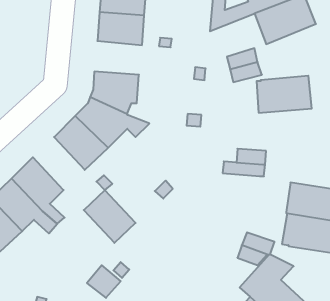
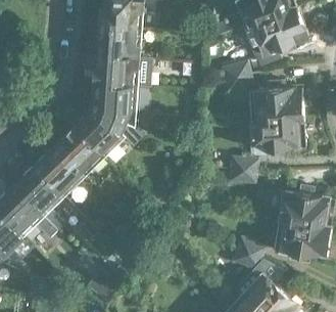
building: none -> [93,52,152,86]
building: none -> [249,118,304,151]
building: [84,190,136,243] -> [34,145,84,196]

